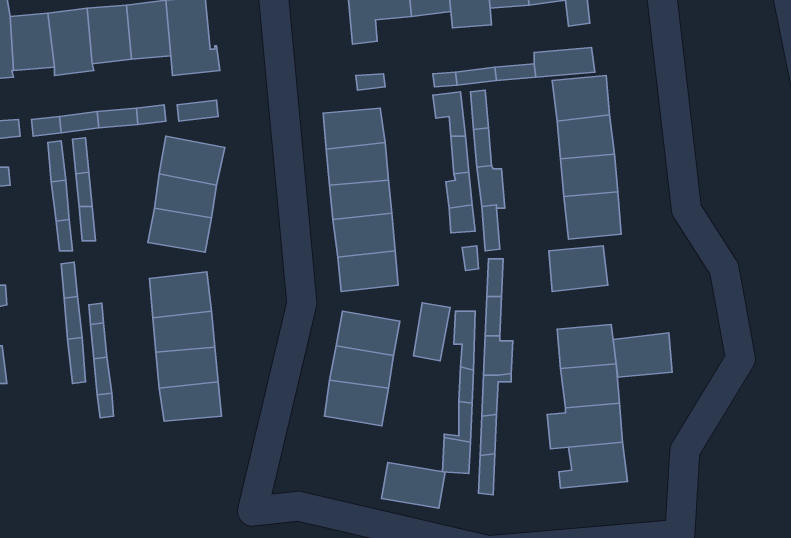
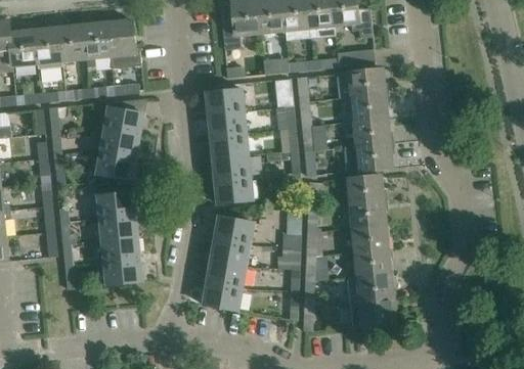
building: [414,303,450,361] -> none
building: [613,333,672,377] -> [349,198,386,226]
building: [381,462,445,508] -> [203,280,243,309]

